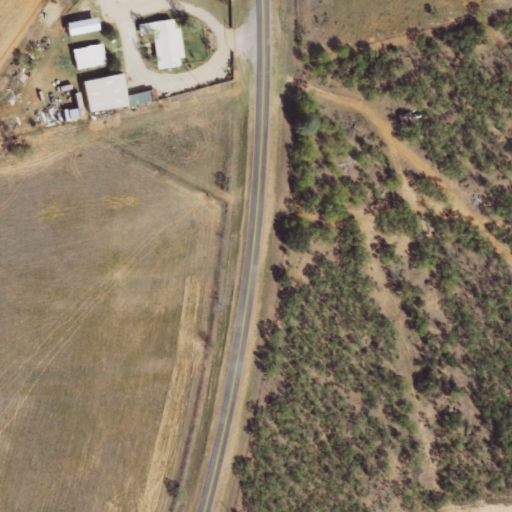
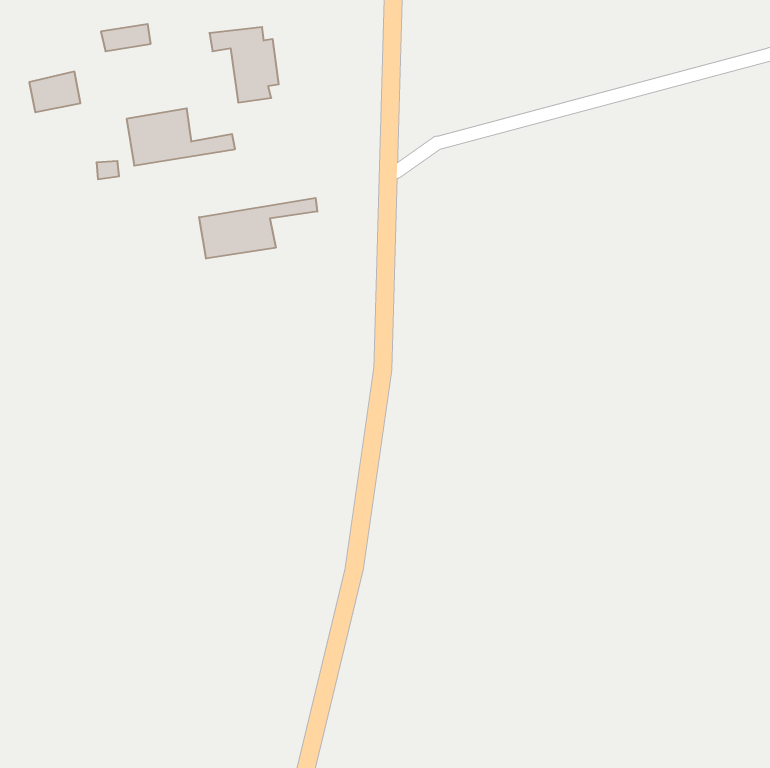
building: [73,42,107,69] -> [29,72,80,112]
building: none -> [199,198,317,259]

